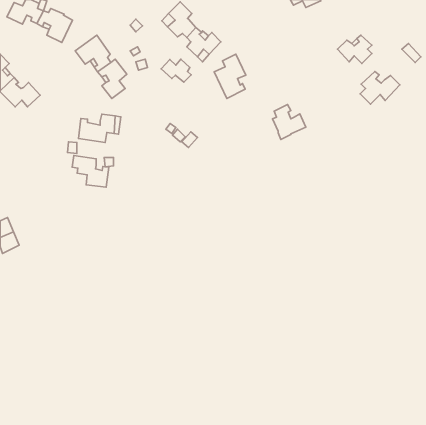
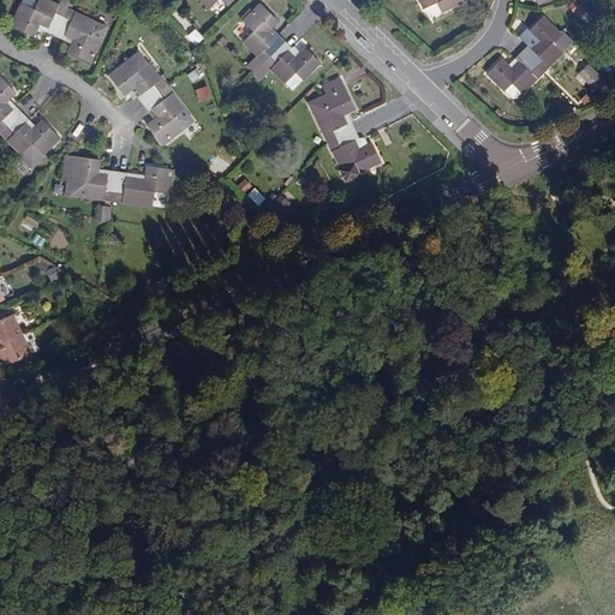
building: none -> [520,16,562,65]
building: [161,59,191,82] -> none
building: [360,71,400,104] -> none
building: [272,105,306,140] -> [332,129,380,179]
building: [72,156,109,187] -> [64,154,117,199]

